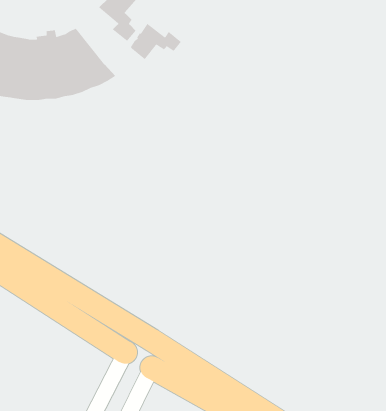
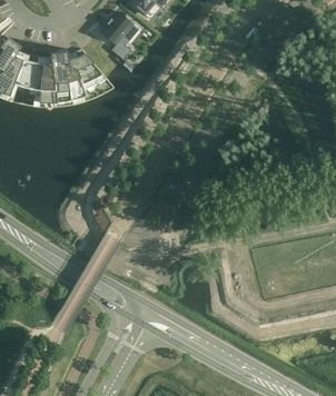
building: [130,23,182,60] -> none

